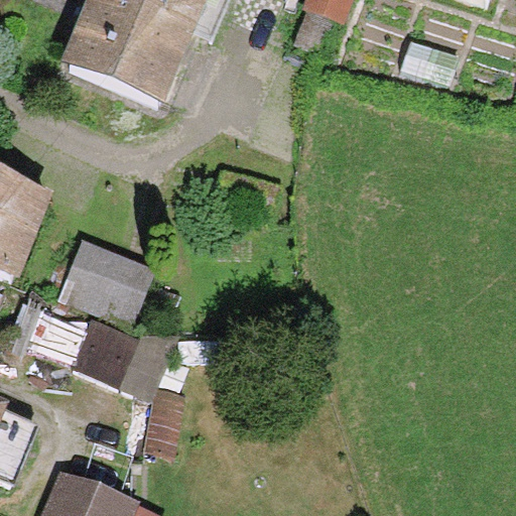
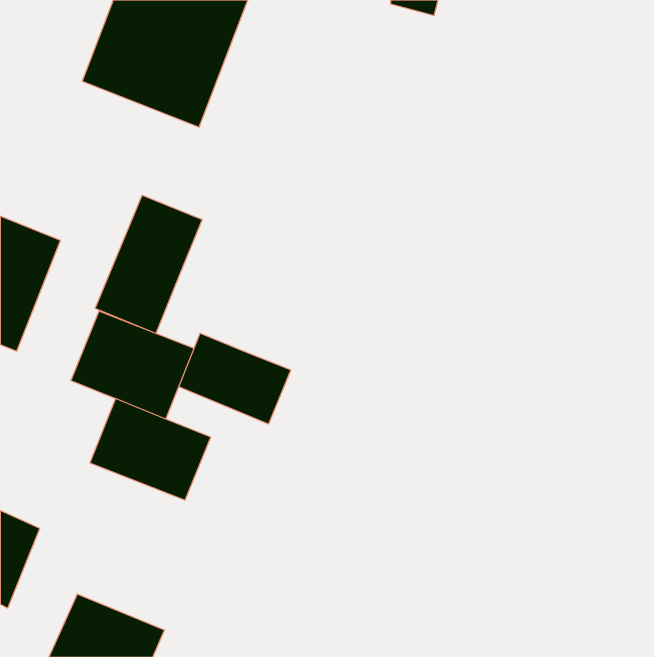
building: none -> [95,195,202,334]
building: none -> [179,333,291,424]

